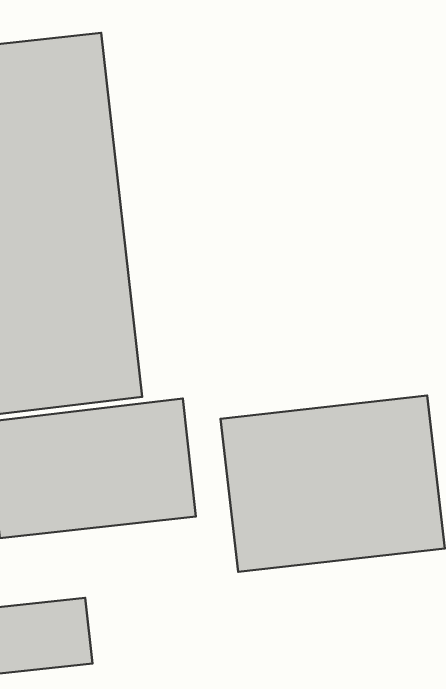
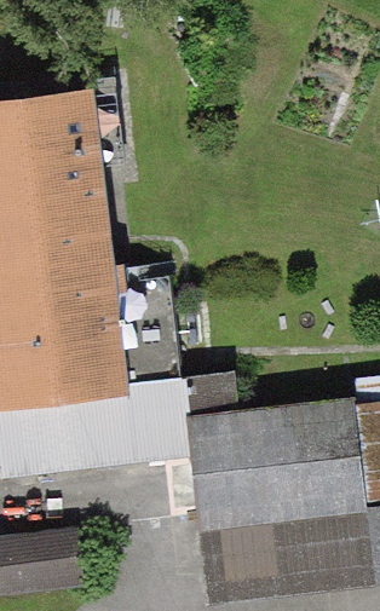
building: none -> [205,496,364,603]

